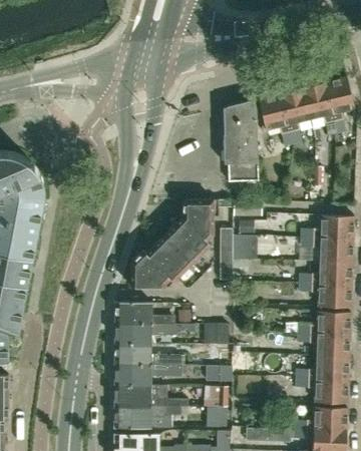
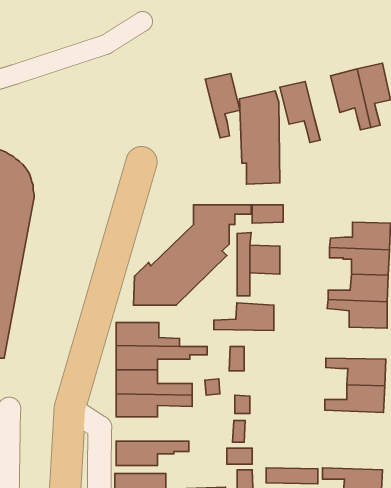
building: [280,88,310,144] -> [205,73,240,138]
building: [298,311,350,335] -> [214,303,274,331]
building: [296,379,348,403] -> none
building: [115,385,188,406] -> none
building: [295,407,347,431] -> none

